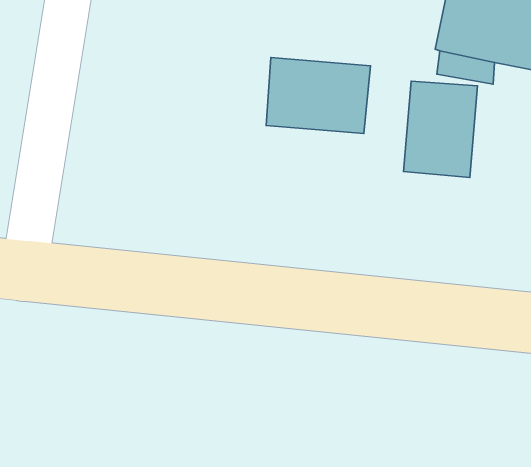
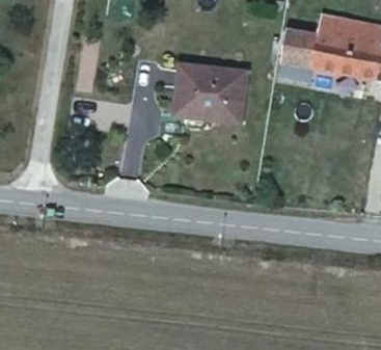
building: [404,81,478,178] -> none

